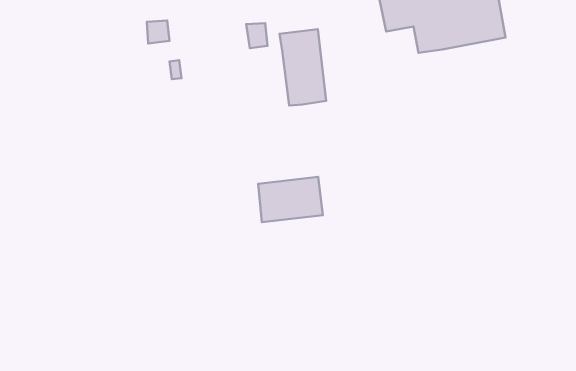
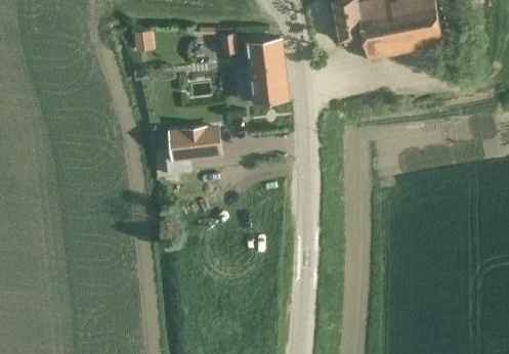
building: [258,177,323,222] -> [167,123,222,162]

